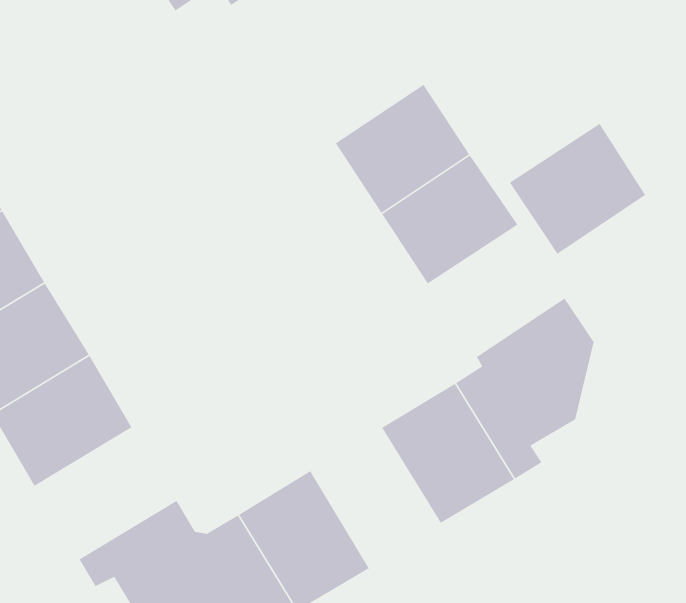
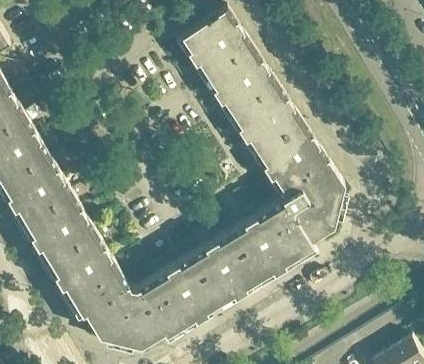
building: none -> [180,8,254,79]
building: [509,123,646,255] -> [256,123,330,194]
building: none -> [44,232,121,303]
building: none -> [193,232,263,308]

